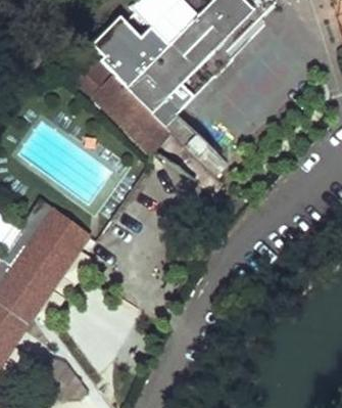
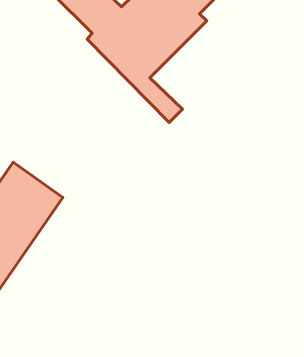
building: [71,56,219,193] -> none

